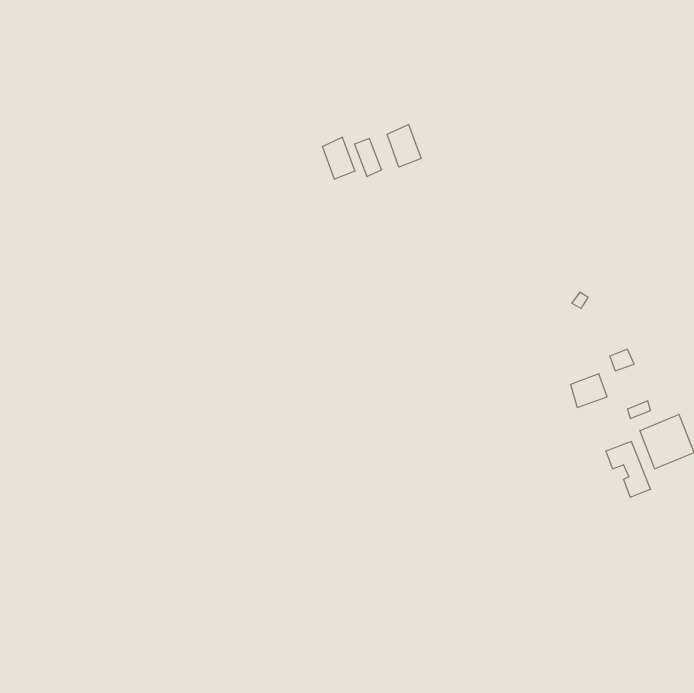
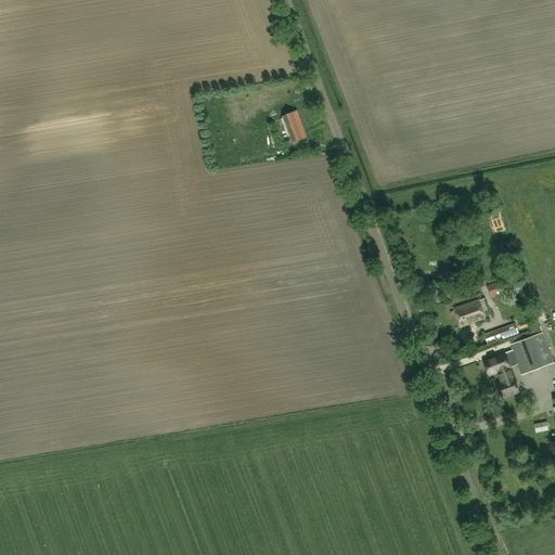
building: [387,124,421,167] -> none
building: [322,137,355,179] -> none

